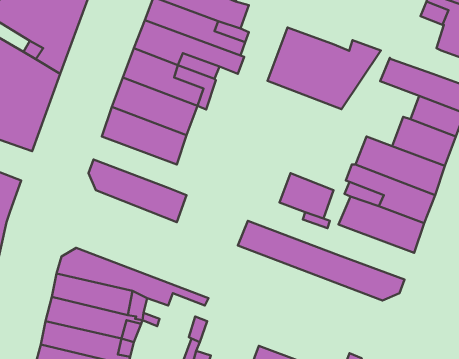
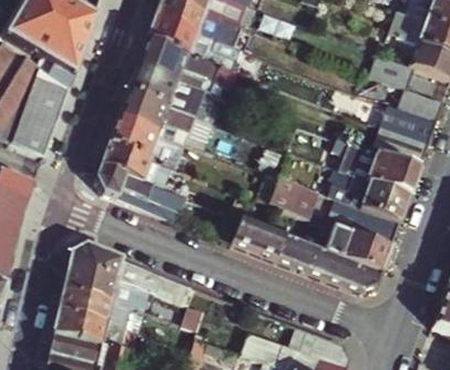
building: [267,27,381,109] -> none
building: none -> [369,51,415,86]
building: none -> [100,143,175,189]
building: none -> [321,226,390,273]

